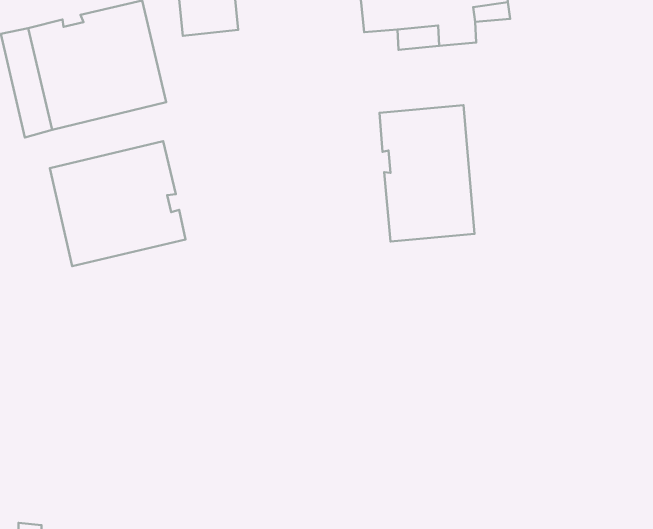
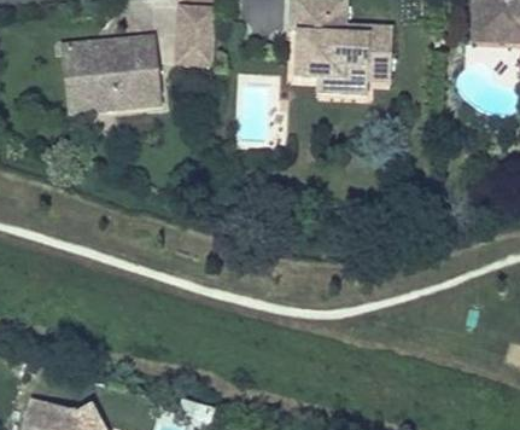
building: [380,105,474,241] -> none
building: [50,141,186,266] -> none

